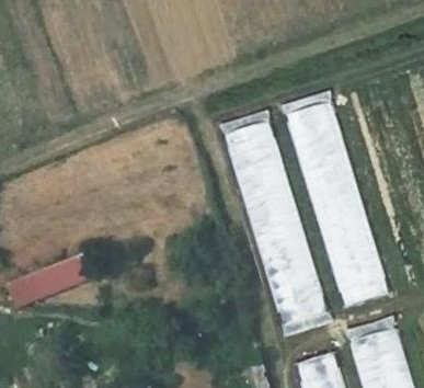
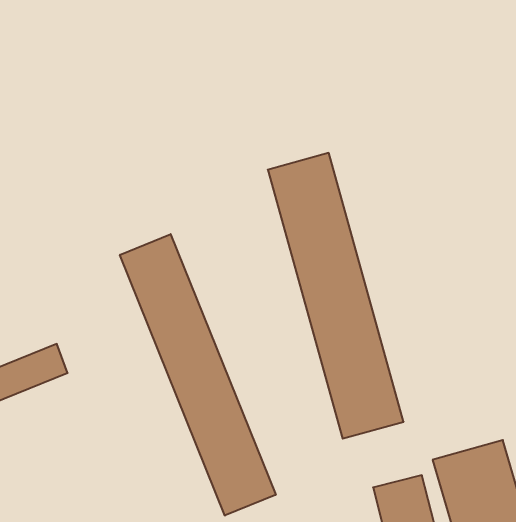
building: [289,100,387,307] -> none
building: none -> [120,234,276,516]

